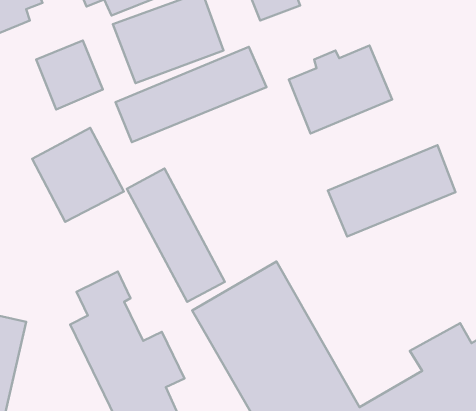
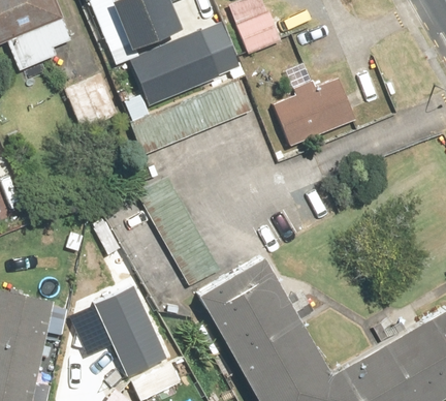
building: [32,128,124,222] -> none
building: [328,145,456,237] -> none

